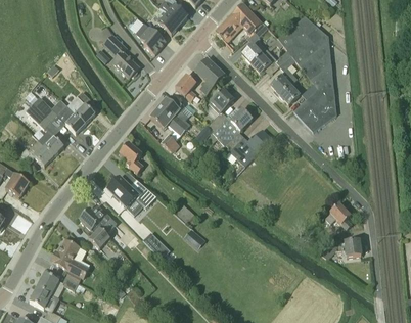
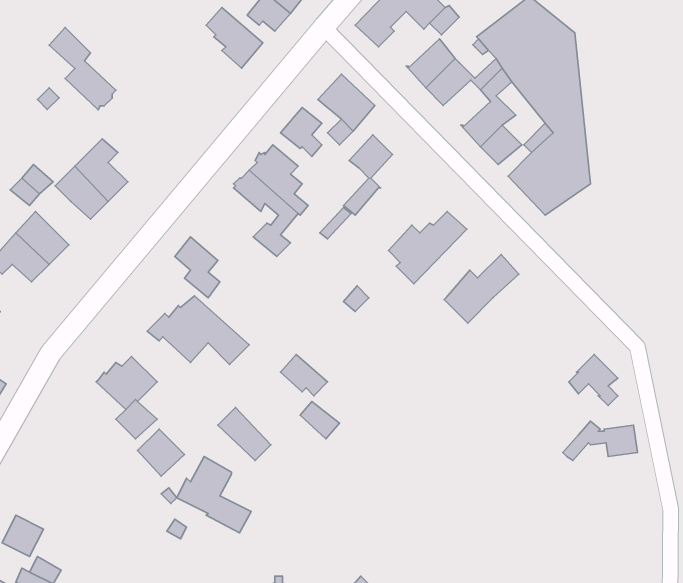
building: [104,35,139,78] -> [49,27,116,110]
building: [213,108,252,144] -> [444,254,519,323]
building: [51,239,90,279] -> [177,457,251,533]
building: [37,272,79,297] -> none

